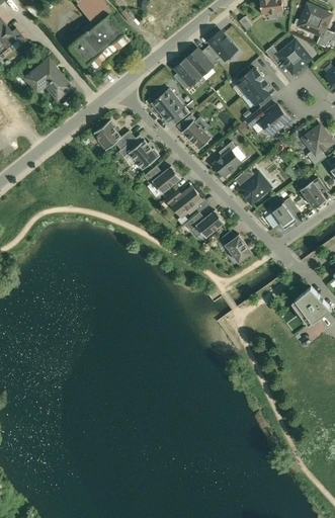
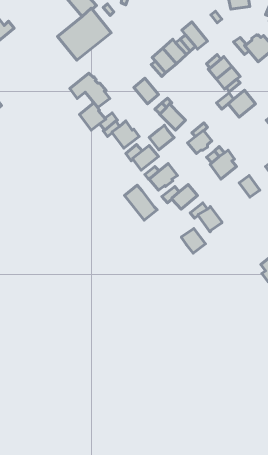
building: [25,61,70,99] -> [70,73,110,108]
building: none -> [149,125,174,150]
building: none -> [124,185,157,220]
building: none -> [181,228,205,253]

